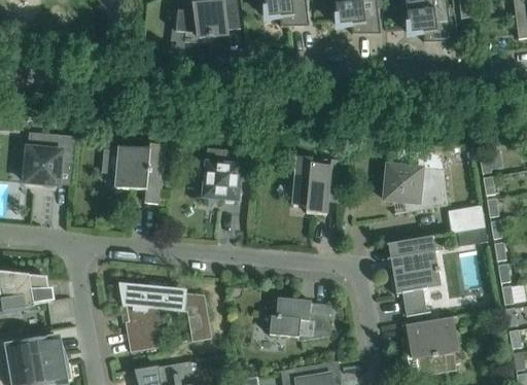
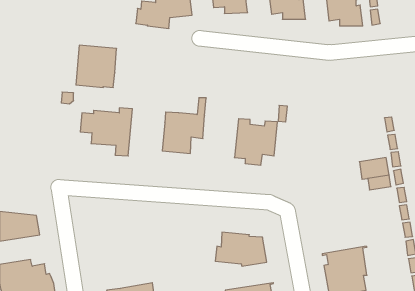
building: [25,132,75,184] -> [76,45,117,87]
building: [384,164,448,211] -> none
building: [387,237,441,315] -> none
building: [118,281,211,351] -> none

